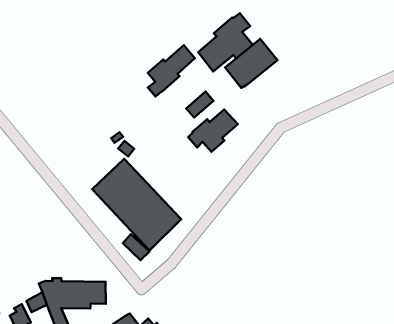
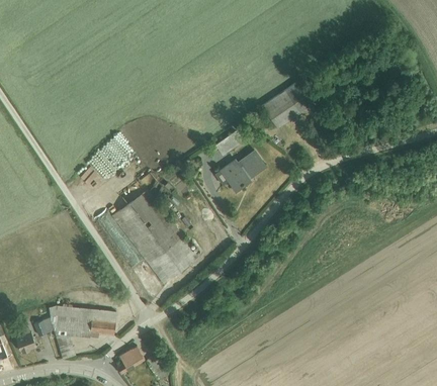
building: [198,13,253,72] -> none
building: [148,45,195,96] -> none

